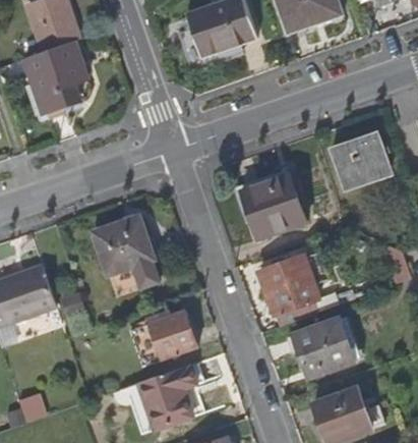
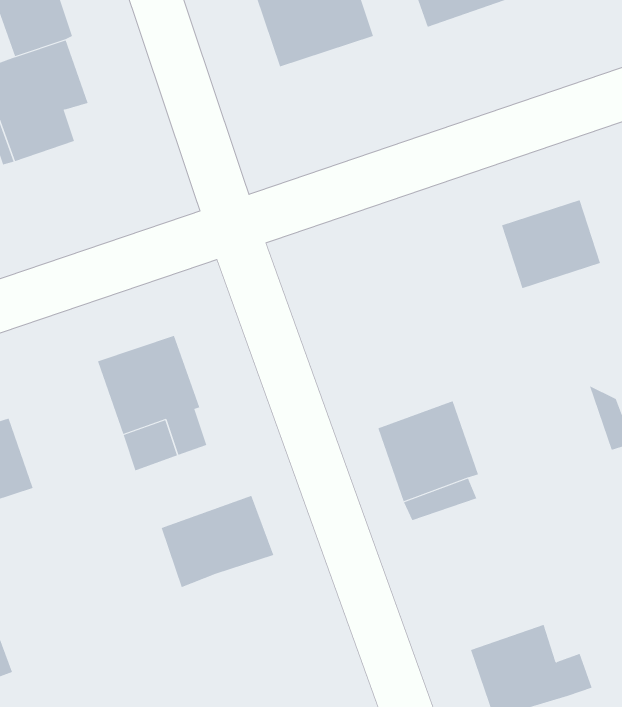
building: [242,173,304,237] -> none
building: [293,317,354,376] -> none
building: [139,363,196,428] -> none

